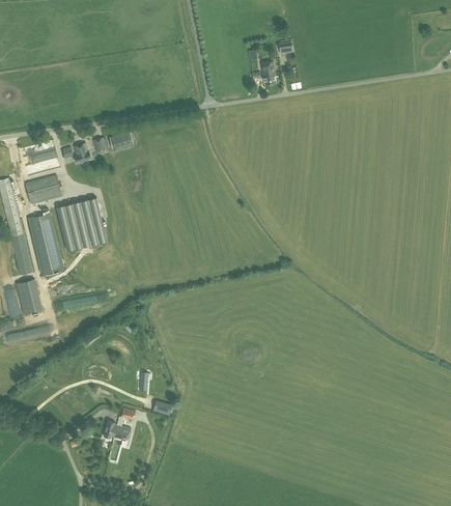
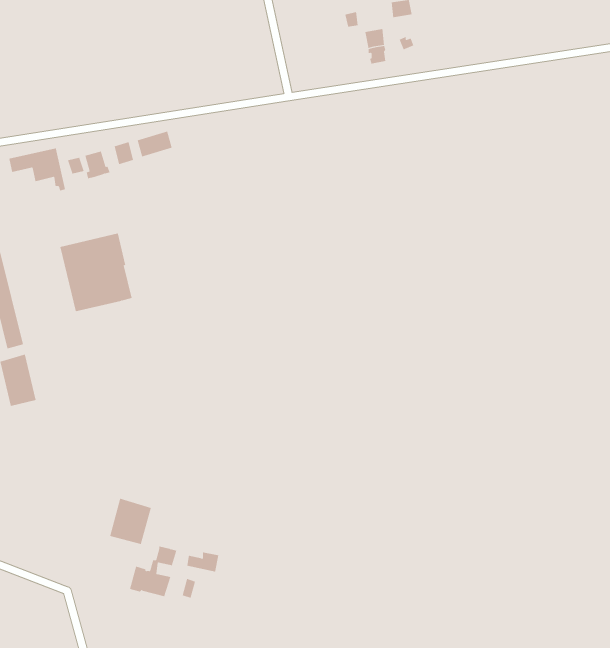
building: [24,175,61,204] -> none
building: [27,213,62,272] -> none
building: none -> [109,498,151,545]

